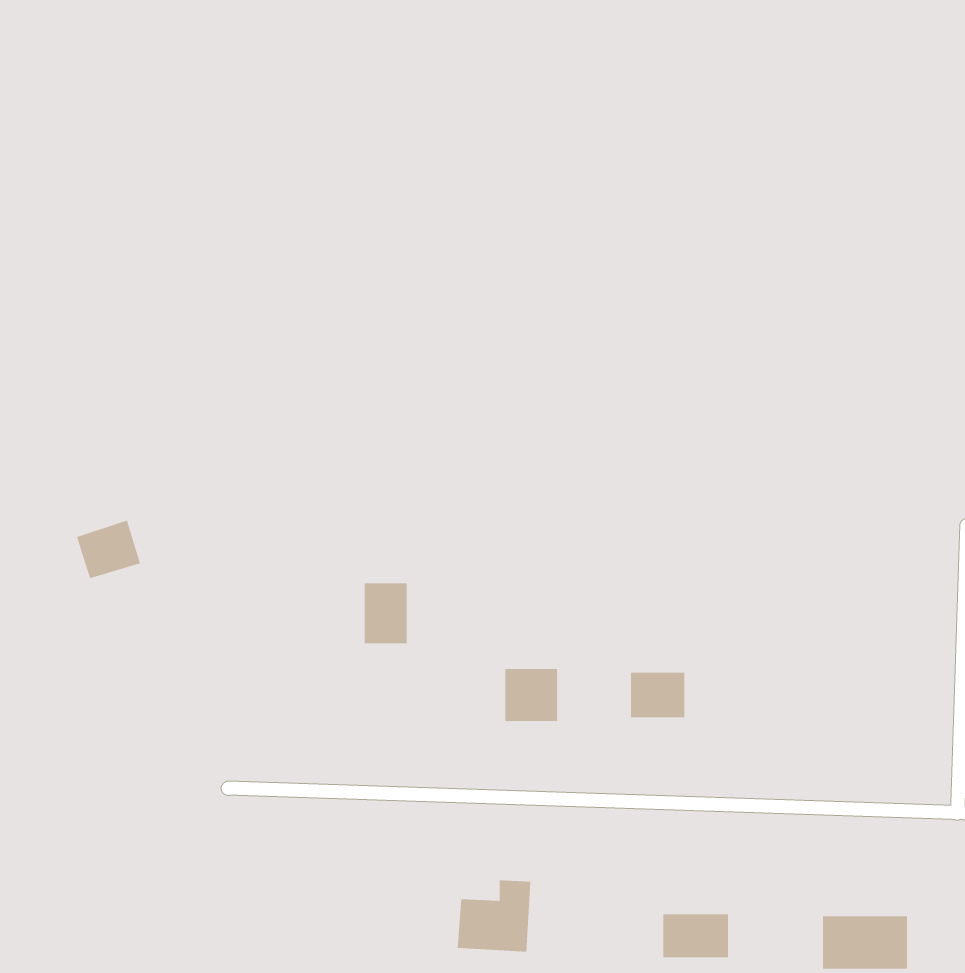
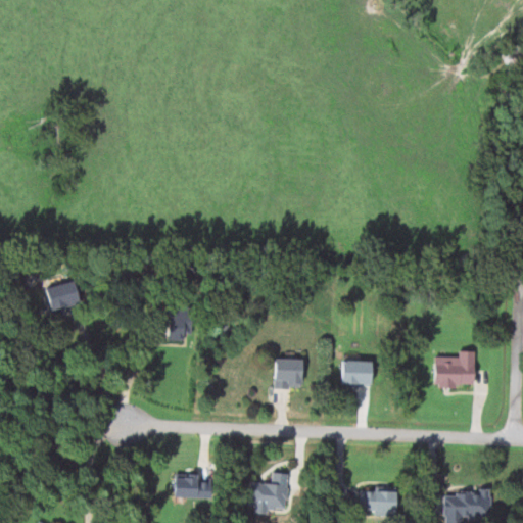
building: [364,583,407,644] -> [169,306,192,339]
building: none -> [435,350,475,385]
building: none -> [175,477,210,496]

